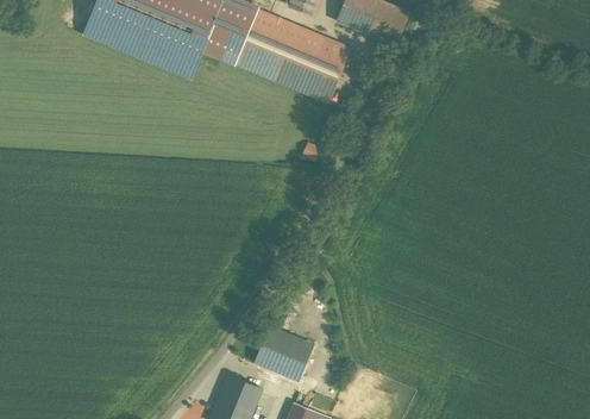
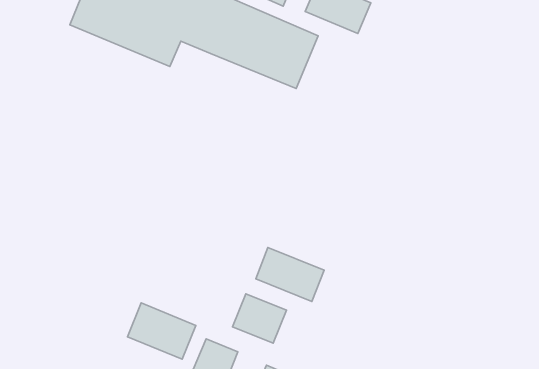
building: none -> [256,247,324,301]
building: none -> [128,303,196,359]

